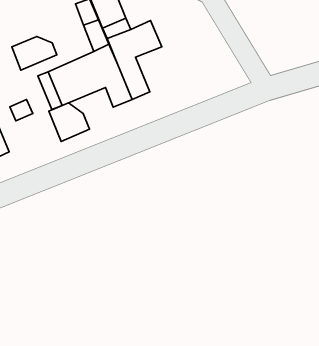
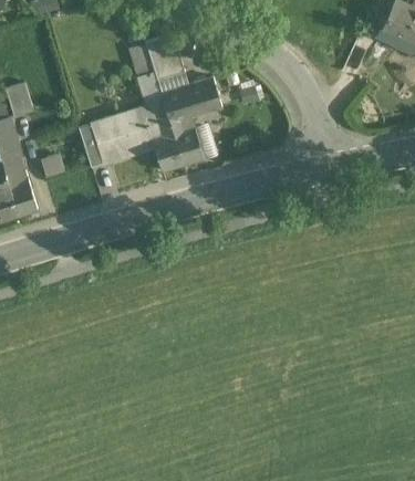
building: [12,36,57,70] -> none
building: [49,103,89,141] -> none

